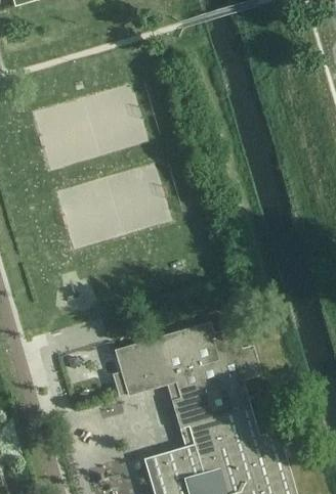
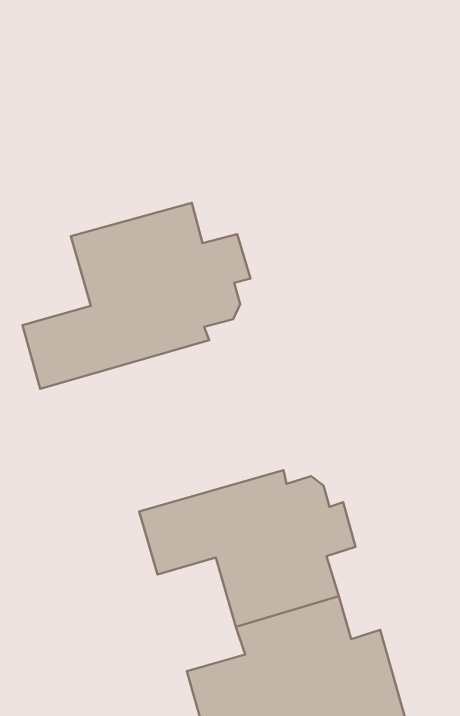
building: none -> [22,203,251,389]

